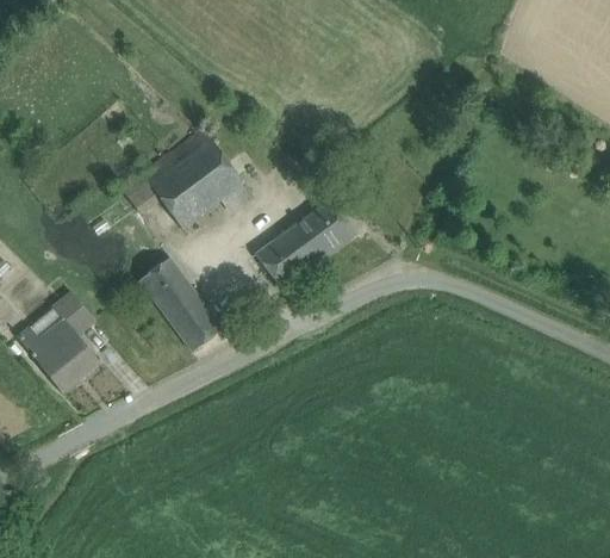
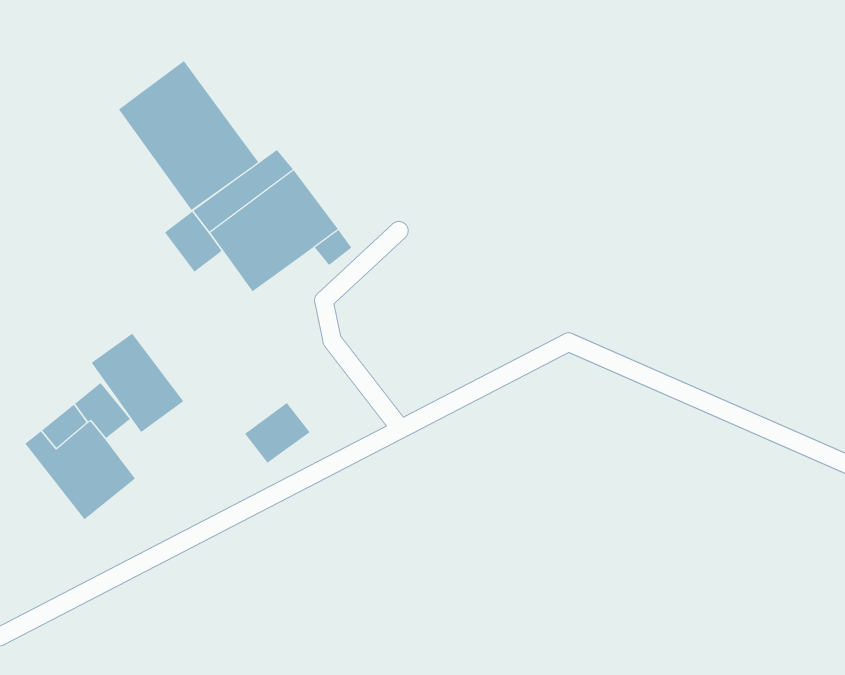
building: none -> [118,60,259,211]
building: [256,200,356,289] -> none
building: [139,259,206,330] -> [91,333,184,433]

